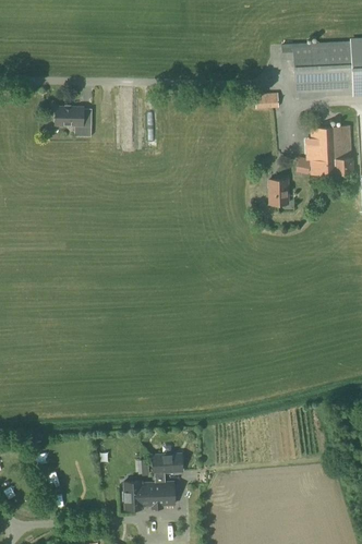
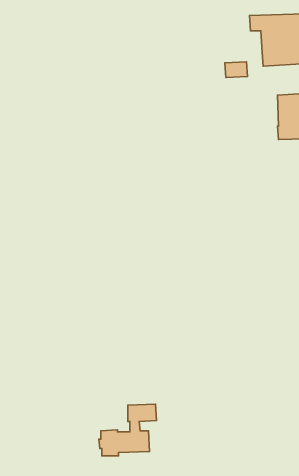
building: [55,107,92,136] -> none
building: [269,179,289,204] -> none

